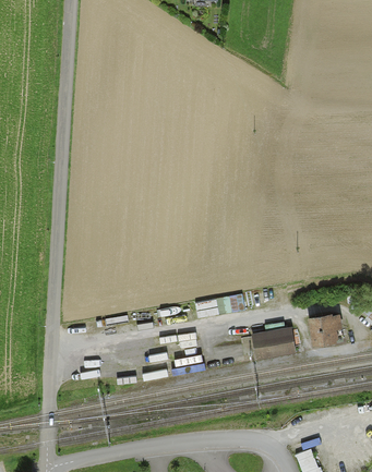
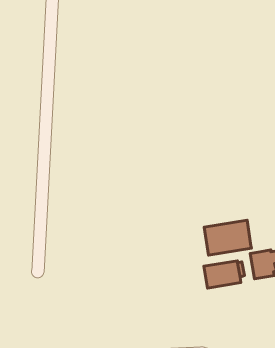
building: none -> [204,220,251,255]

